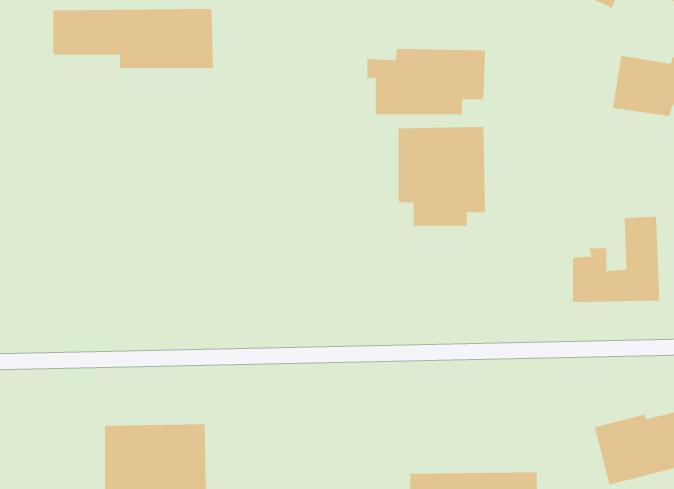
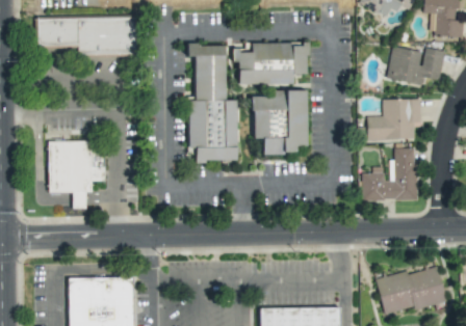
building: none -> [187,45,237,161]
building: none -> [367,99,421,140]
building: none -> [48,140,105,209]

